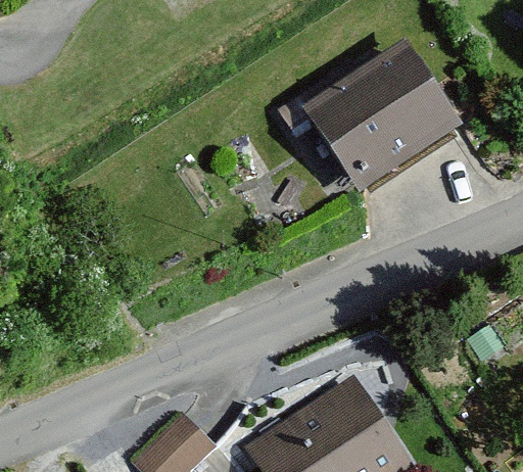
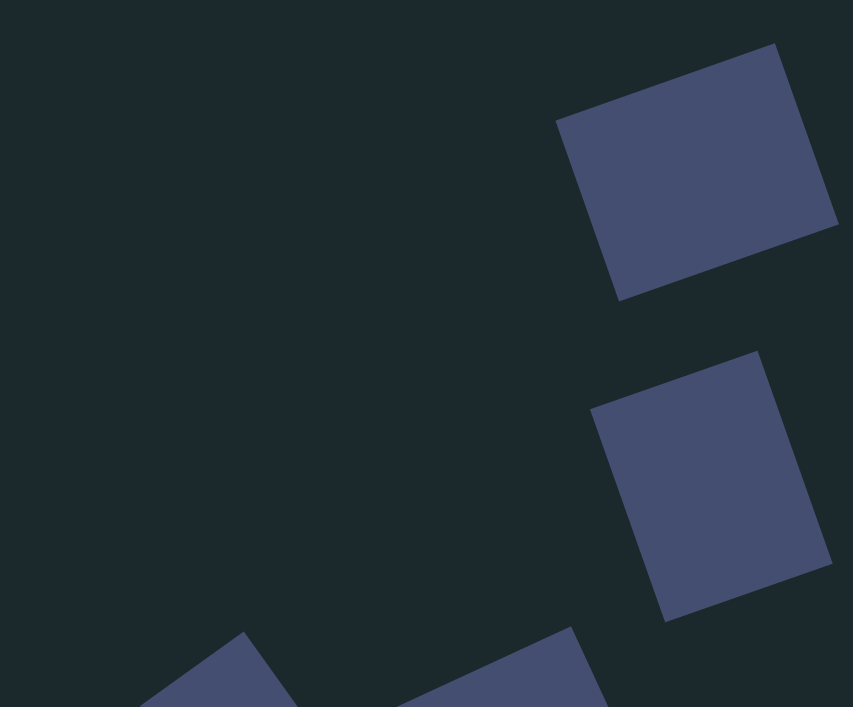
building: none -> [589,350,833,623]

